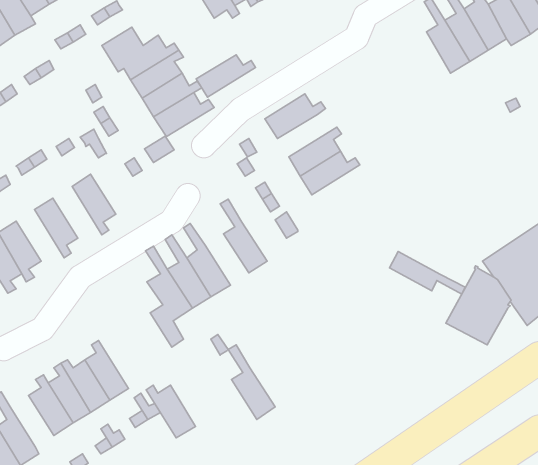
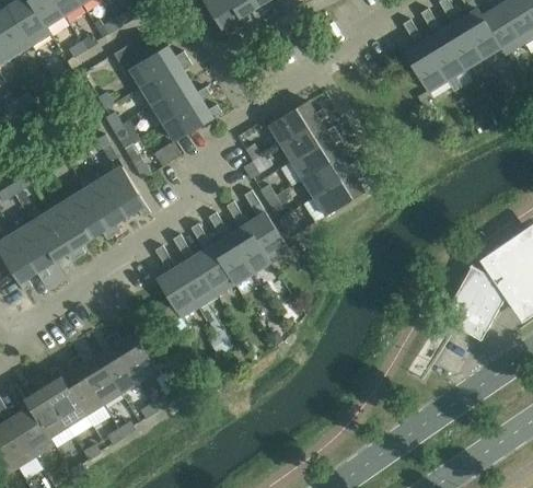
building: none -> [404,20,447,92]
building: [196,55,256,97] -> [281,120,338,161]
building: none -> [103,166,150,217]
building: none -> [314,169,364,216]
building: none -> [67,189,114,239]
building: none -> [245,190,290,260]
building: none -> [32,211,78,262]
building: [390,252,465,294] -> none
building: [228,345,275,420] -> [209,212,254,283]
building: [146,385,196,438] -> [111,332,158,382]
building: none -> [26,380,68,438]

